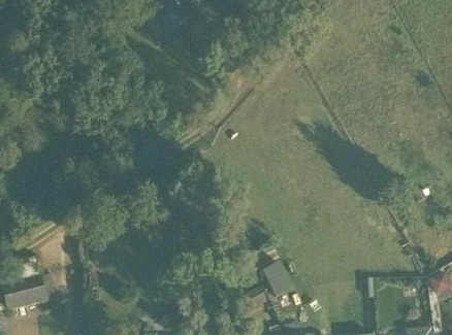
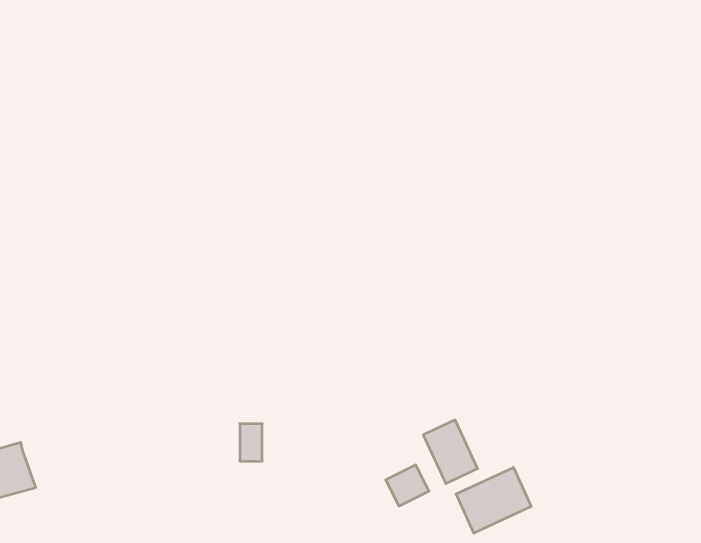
building: none -> [456,467,531,533]

